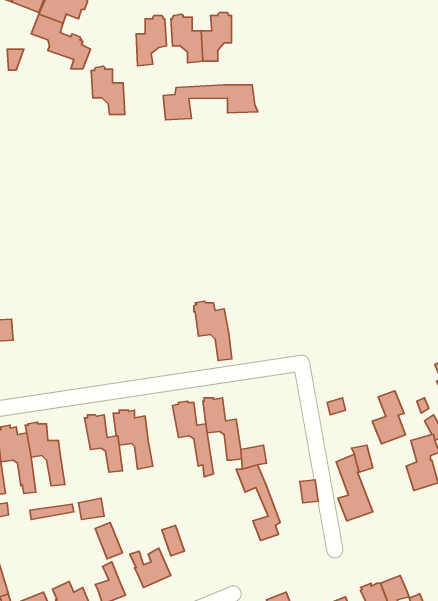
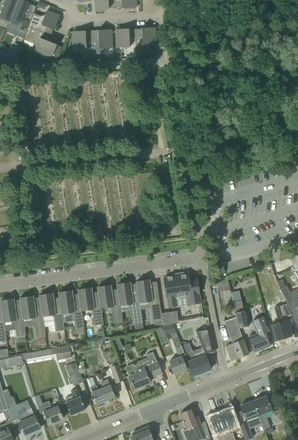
building: [91,66,125,115] -> [71,28,93,60]
building: [163,85,258,120] -> none
building: [194,301,232,360] -> [97,284,122,323]
building: none -> [163,272,200,307]
building: [372,391,406,444] -> [248,316,270,351]
building: none -> [39,292,64,331]
building: none -> [178,334,211,375]
building: none -> [125,351,161,389]

